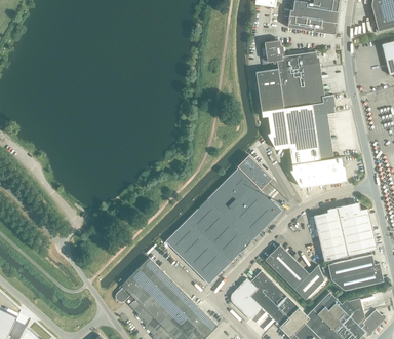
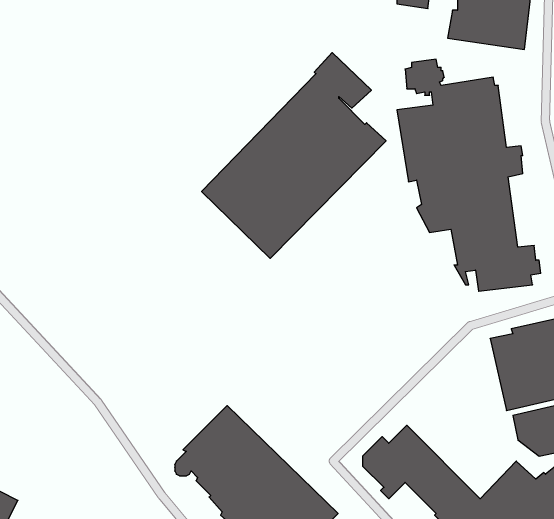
building: [166,154,282,284] -> [202,53,386,258]
building: [265,244,324,299] -> none

